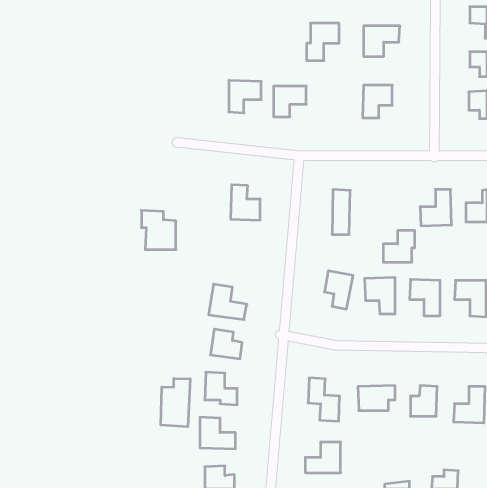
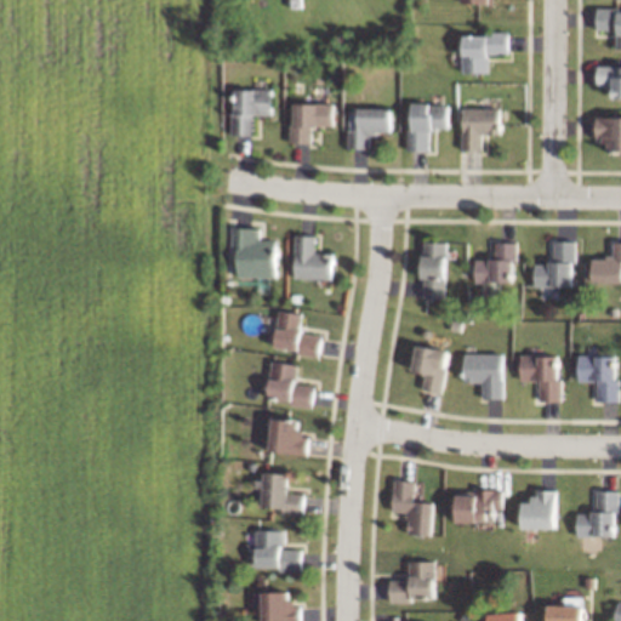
building: [307,23,339,61] -> [405,104,446,152]
building: none -> [230,90,269,136]
building: [141,210,176,250] -> [230,228,274,278]
building: [383,231,415,262] -> [474,243,514,283]
building: none -> [272,312,319,355]
building: [161,378,190,427] -> none

